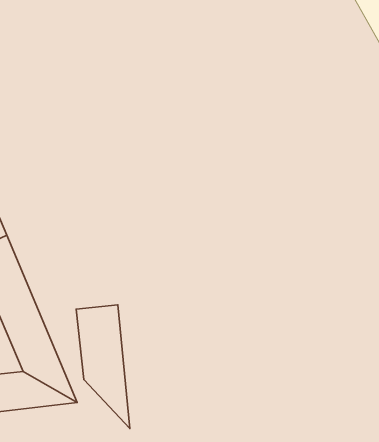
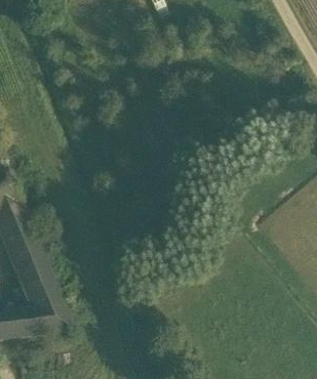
building: [76,305,130,429] -> none

